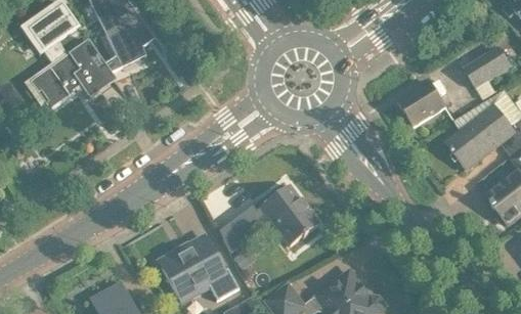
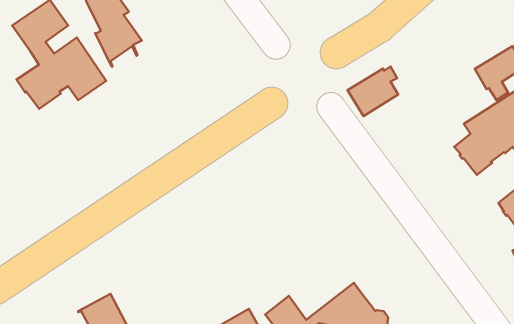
building: [398,80,446,127] -> [347,66,398,116]
building: [218,185,317,253] -> none
building: [162,238,242,302] -> none

